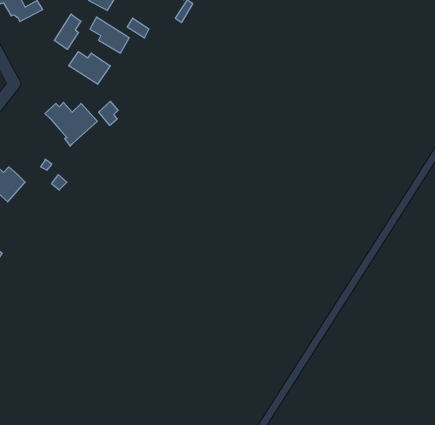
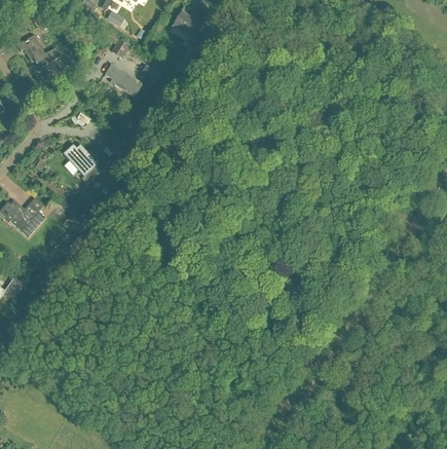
building: [54,14,81,49] -> none
building: [69,52,110,84] -> none

